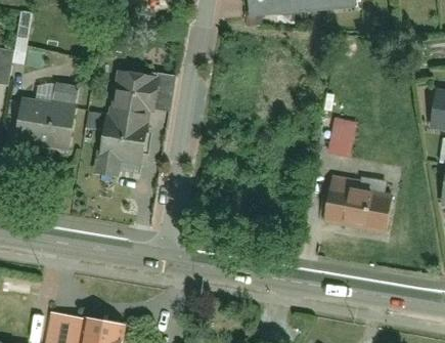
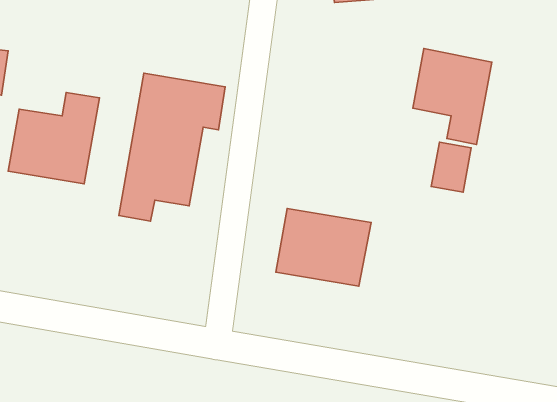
building: none -> [413,48,492,144]
building: [328,171,399,228] -> [276,209,371,286]

